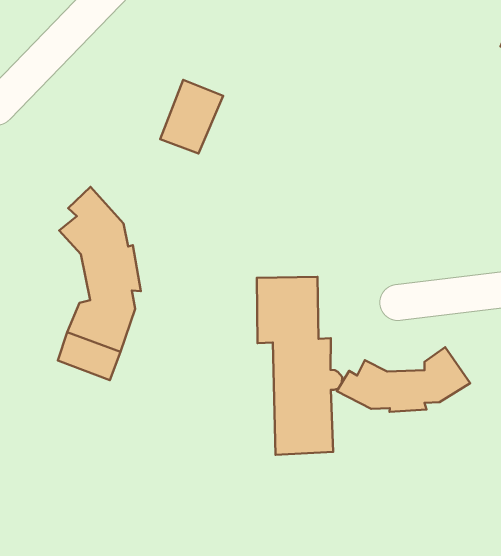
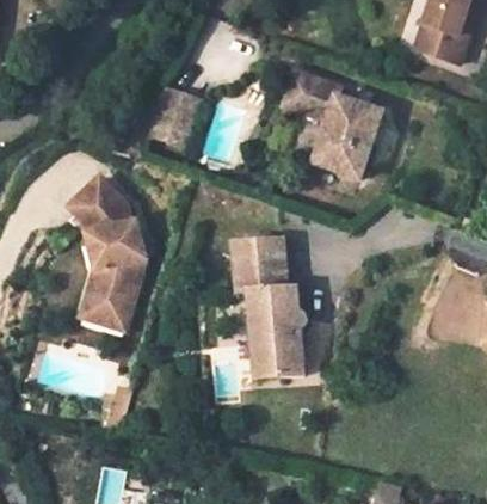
building: none -> [283,74,380,179]
building: [337,347,470,412] -> none

